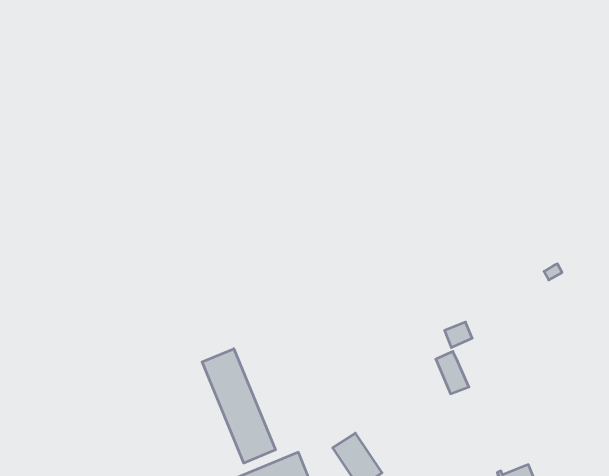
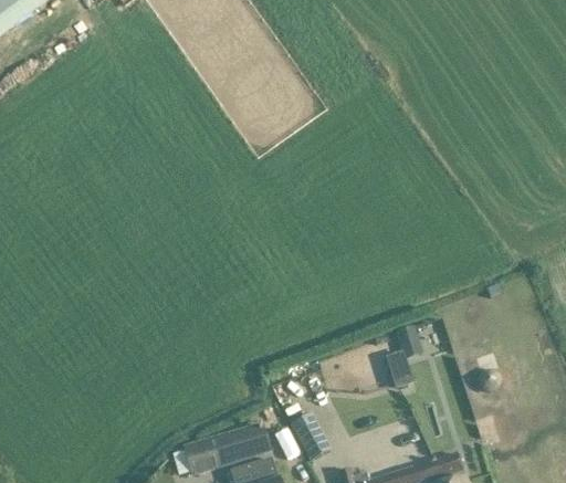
building: [202,349,275,463] -> none

